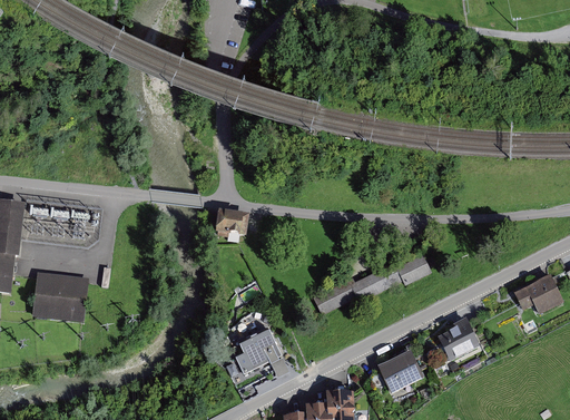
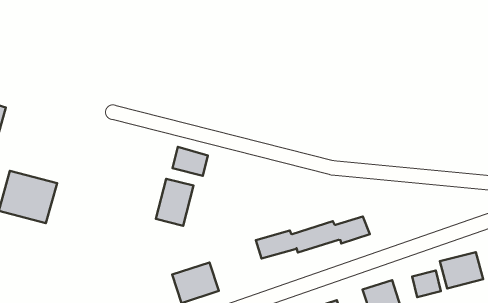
building: none -> [156,179,193,226]
building: none -> [412,270,441,297]

